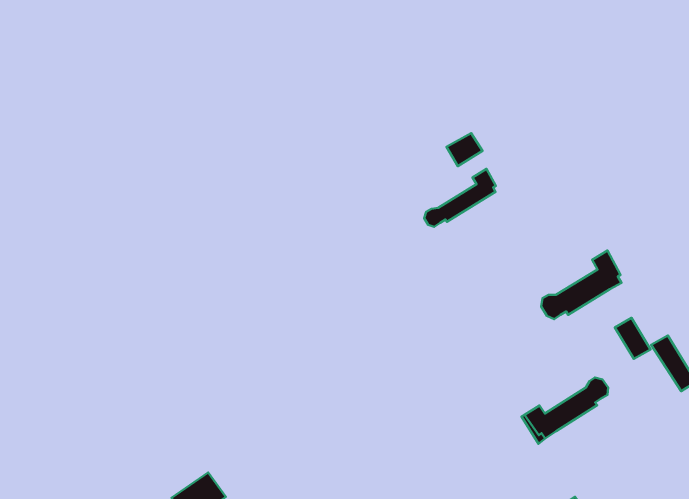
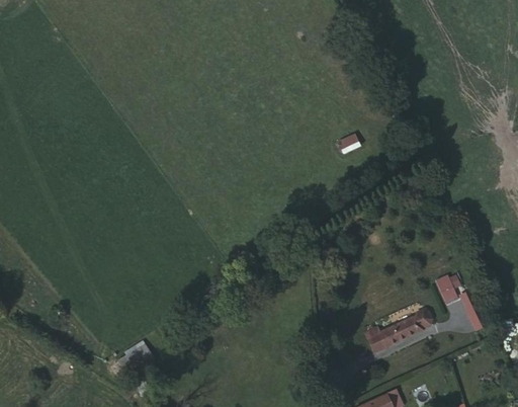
building: [424,169,496,227] -> none
building: [541,250,621,319] -> none

